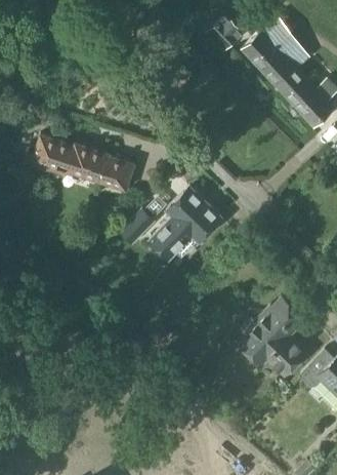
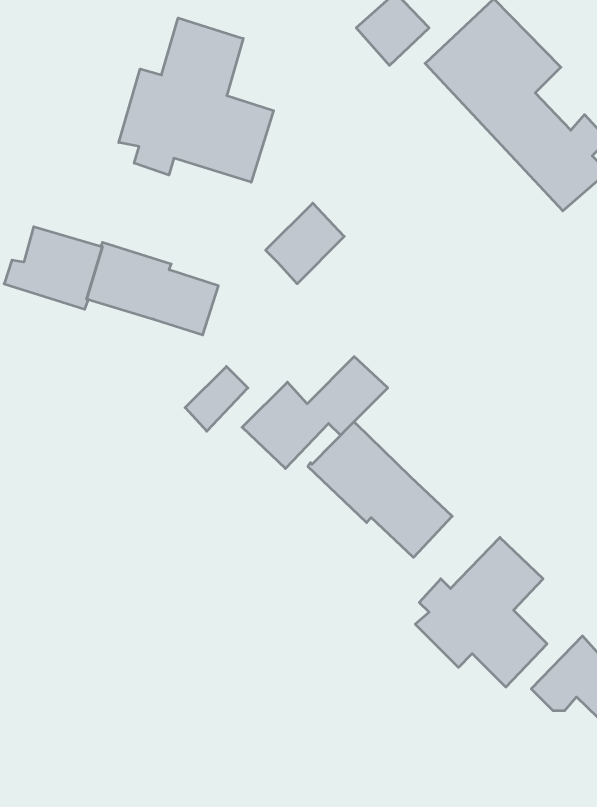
building: none -> [119,18,274,182]
building: [165,186,206,228] -> [266,203,344,284]
building: none -> [308,421,452,557]

